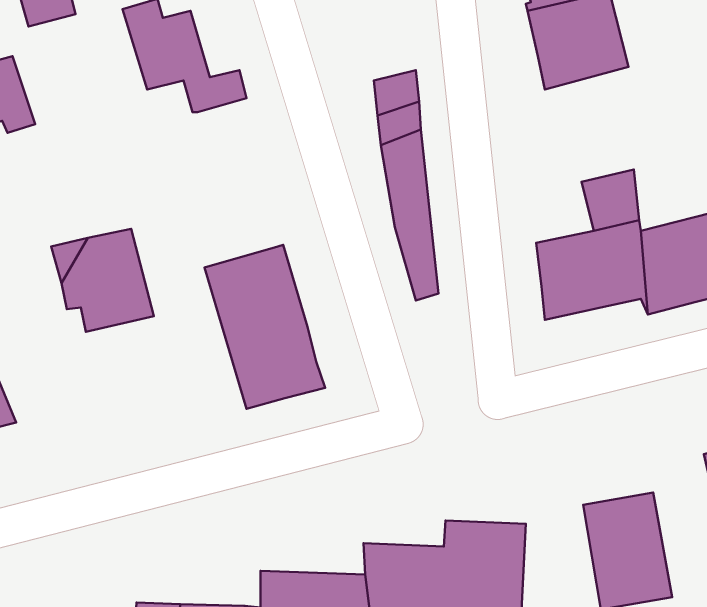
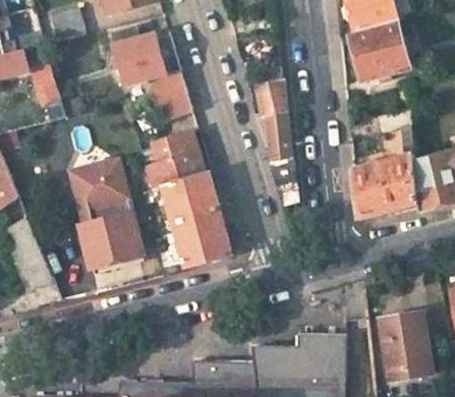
building: none -> [156,86,192,118]
building: none -> [145,131,203,186]
building: none -> [79,213,140,269]

